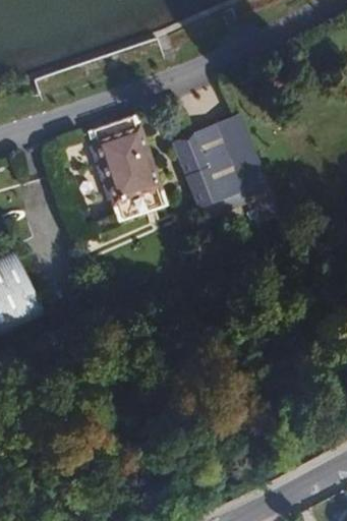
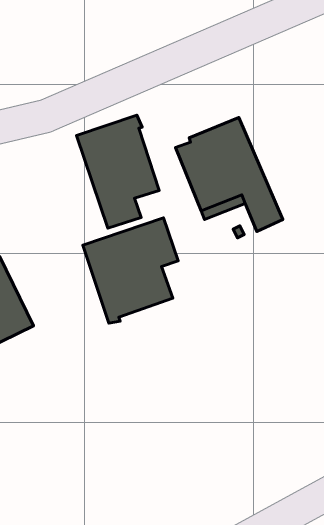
building: none -> [83,218,178,323]

